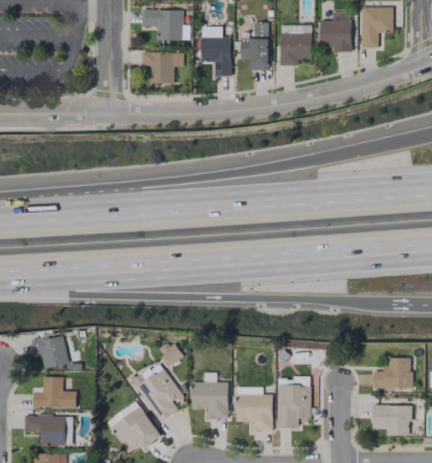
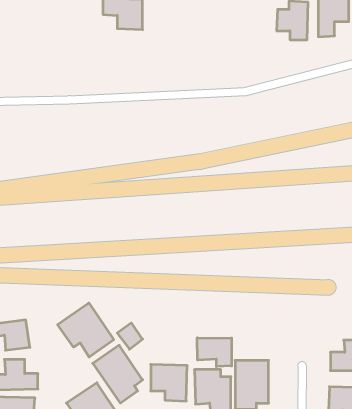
building: [241,23,269,70] -> none
building: [280,26,311,66] -> none
building: [200,28,232,76] -> none
building: [144,52,184,84] -> none
building: none -> [58,303,114,357]
building: none -> [197,338,232,367]

